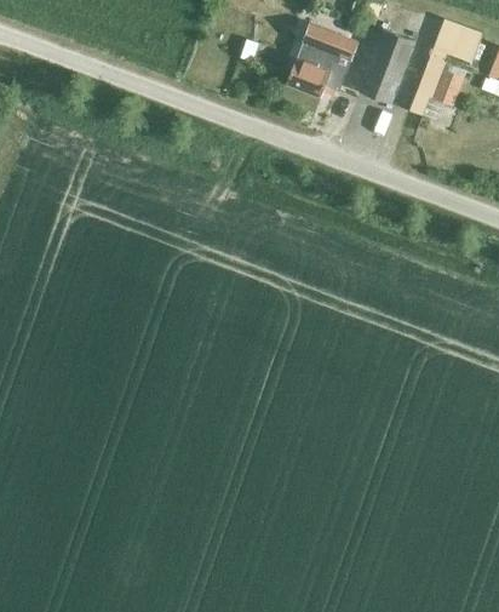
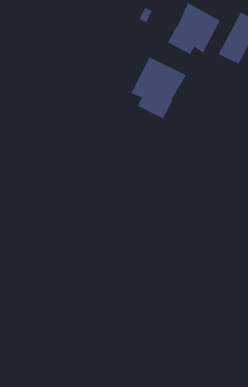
building: none -> [131,57,187,119]

